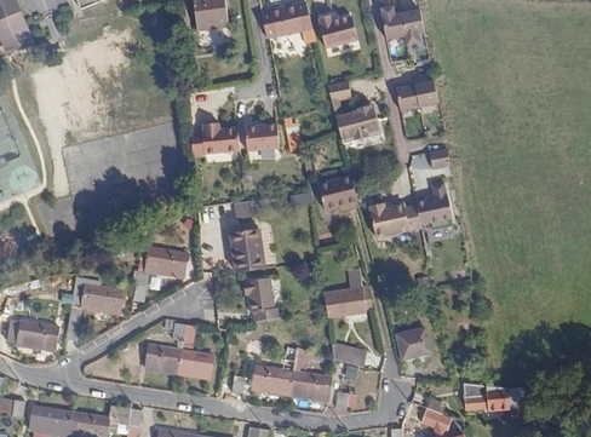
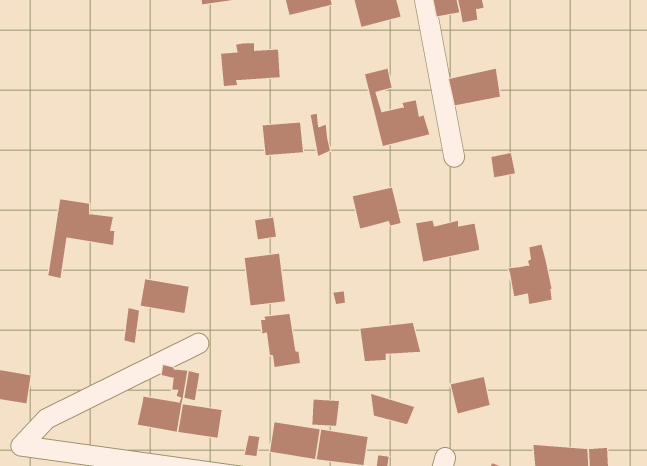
building: [190,122,239,157] -> [220,43,280,87]
building: [415,182,452,230] -> [508,244,553,304]
building: [65,276,120,340] -> [48,199,115,279]

